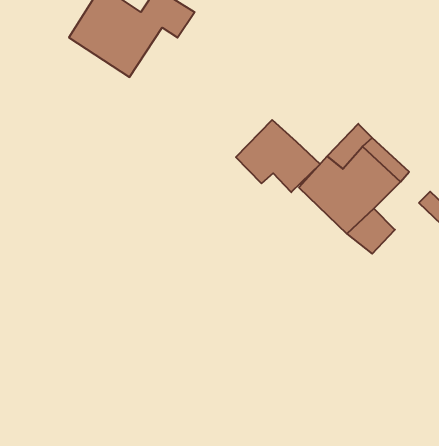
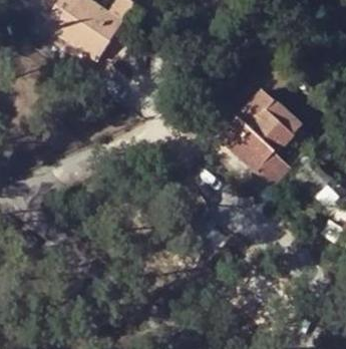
building: [236,120,320,192] -> none

